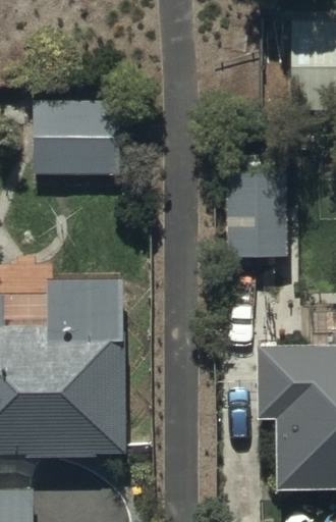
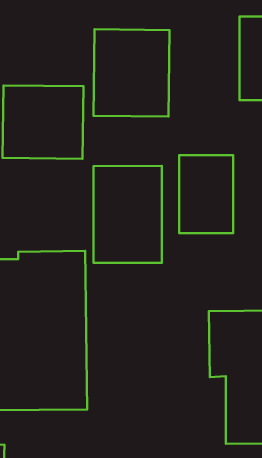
building: none -> [94,29,169,117]
building: none -> [93,166,162,263]

